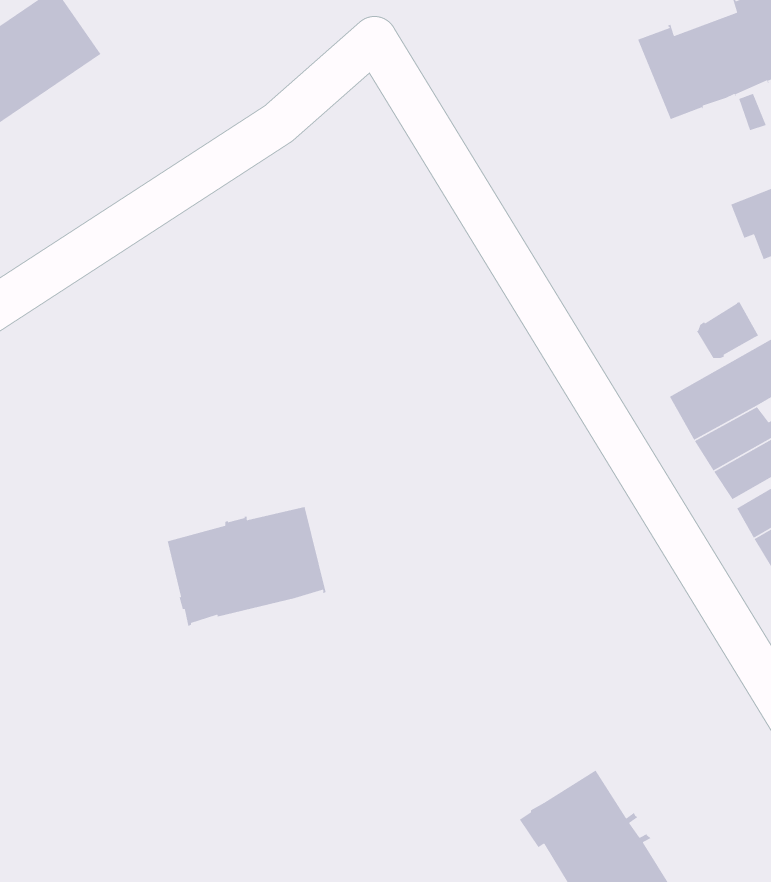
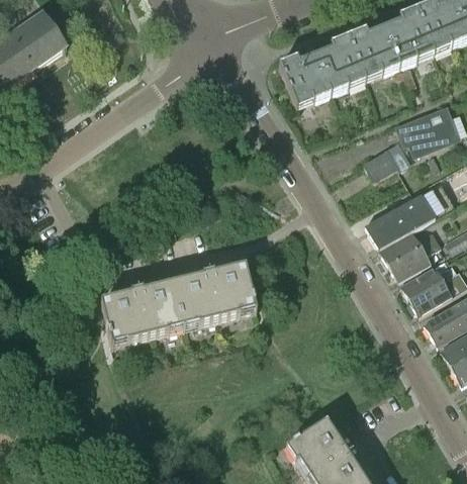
building: none -> [279,35,366,107]
building: [696,301,759,359] -> [364,148,397,178]
building: none -> [174,265,257,327]

